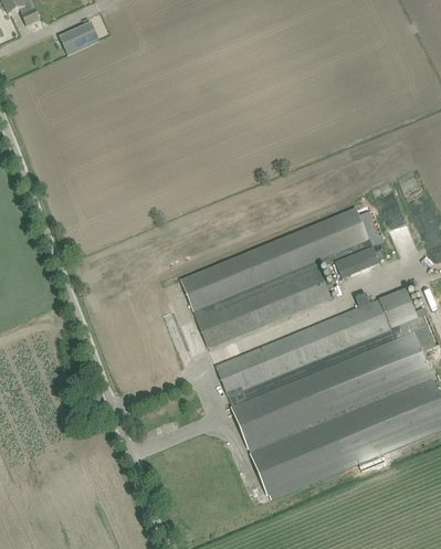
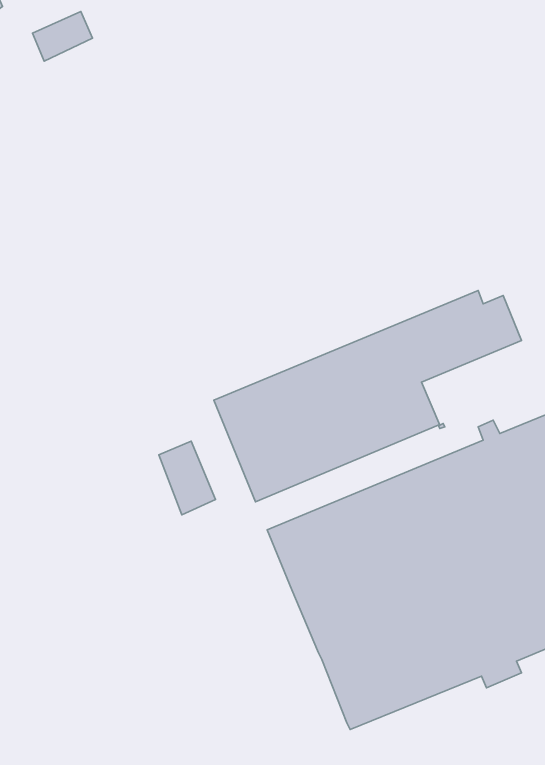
building: [335,245,379,277] -> none
building: none -> [159,441,215,515]

